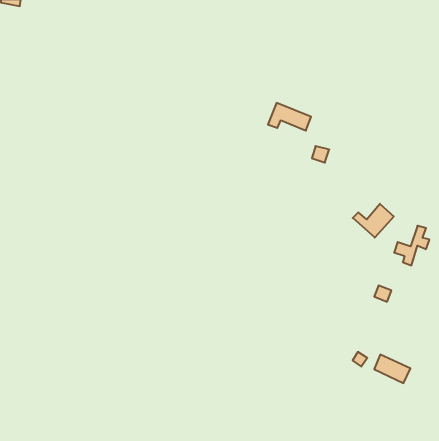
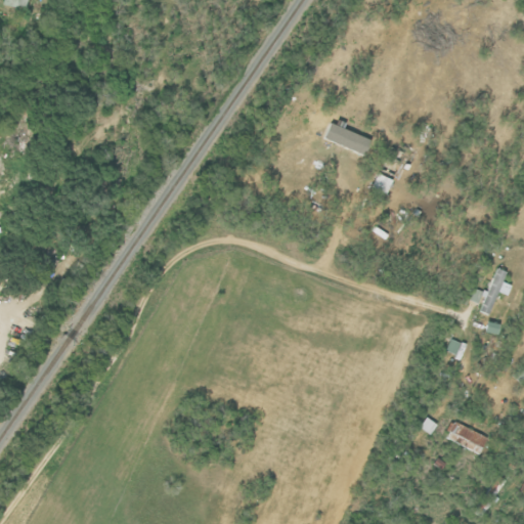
building: [353,204,394,238] -> none

